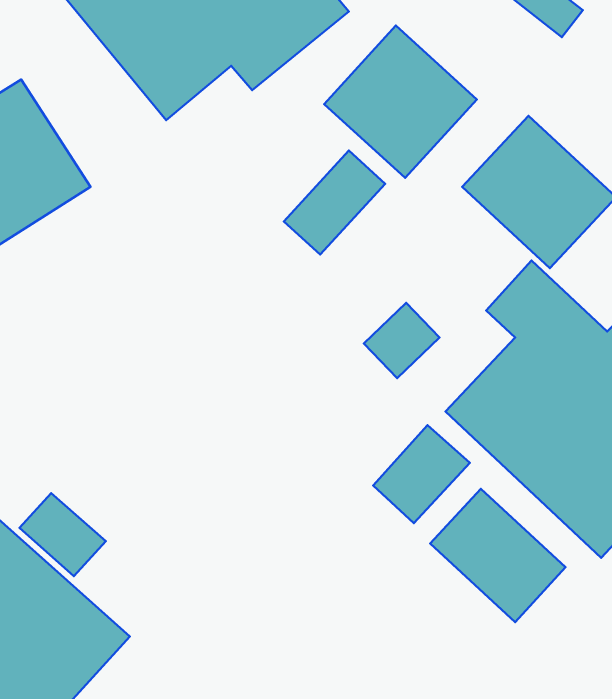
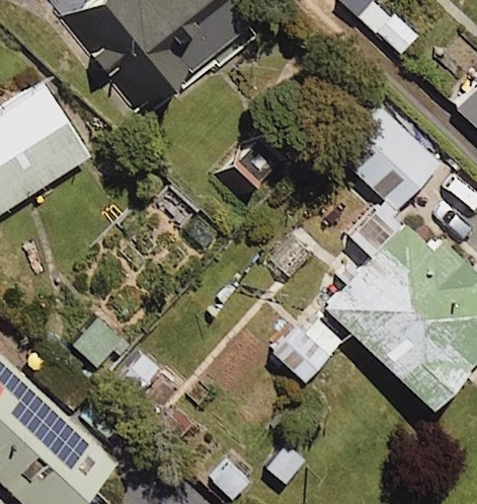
building: [324,25,477,178] -> none
building: [430,489,566,622] -> none

